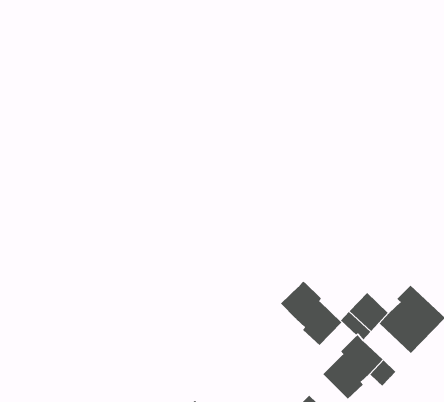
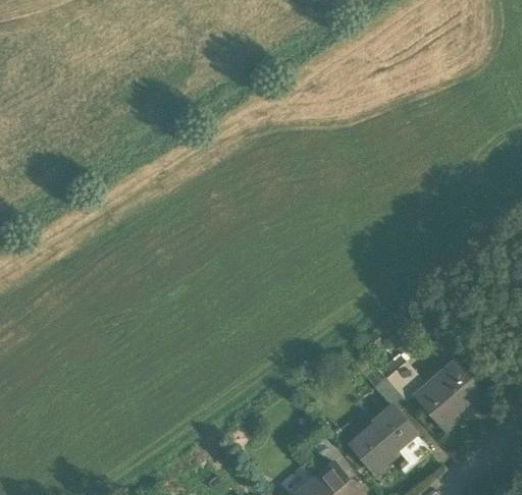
building: [280,280,342,346] -> none

